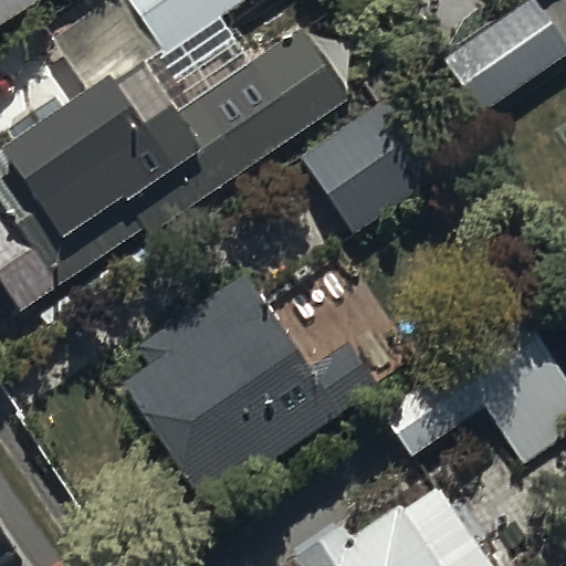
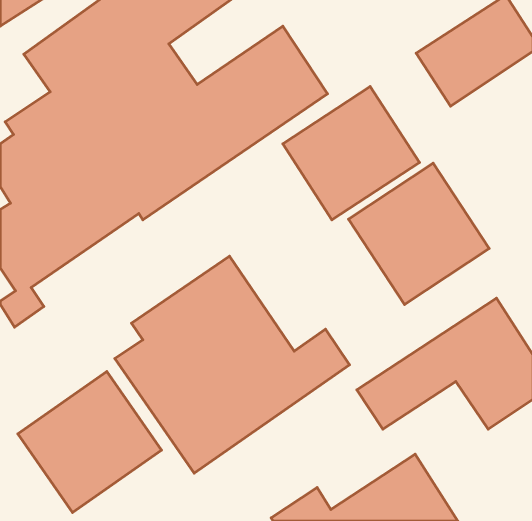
building: none -> [348,163,489,305]
building: none -> [18,371,162,513]

